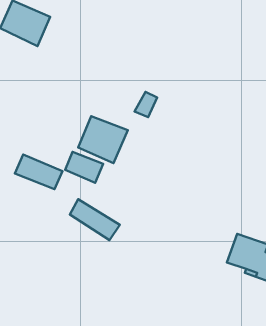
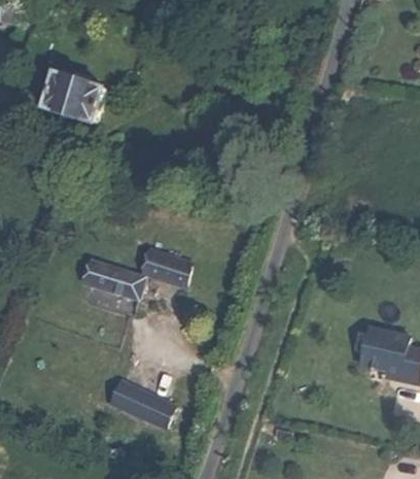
building: [78,116,128,163] -> none
building: [70,199,120,240] -> [110,377,174,423]

